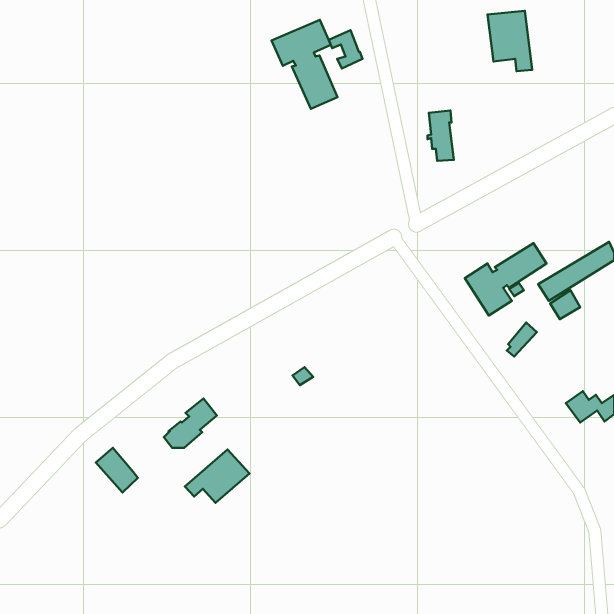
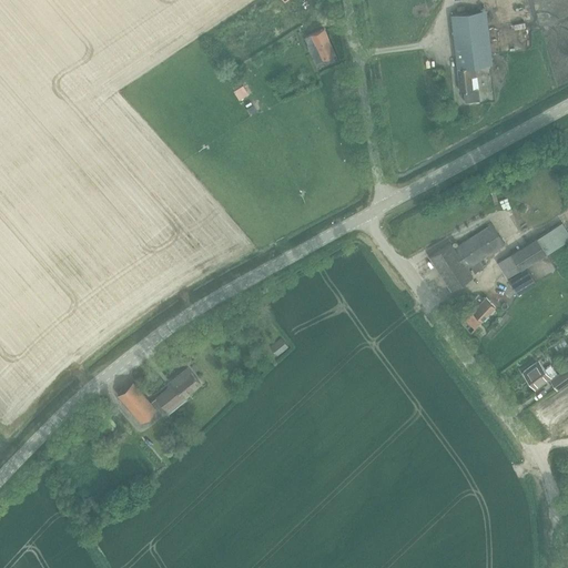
building: [271,20,337,109] -> none
building: [428,110,454,161] -> [454,55,478,102]
building: [96,448,138,492] -> [116,382,155,423]
building: [185,450,249,503] -> none

